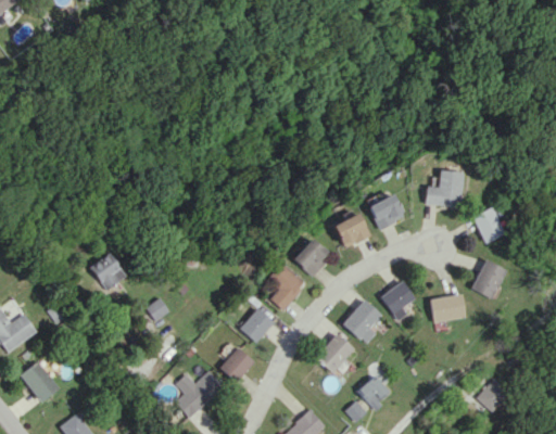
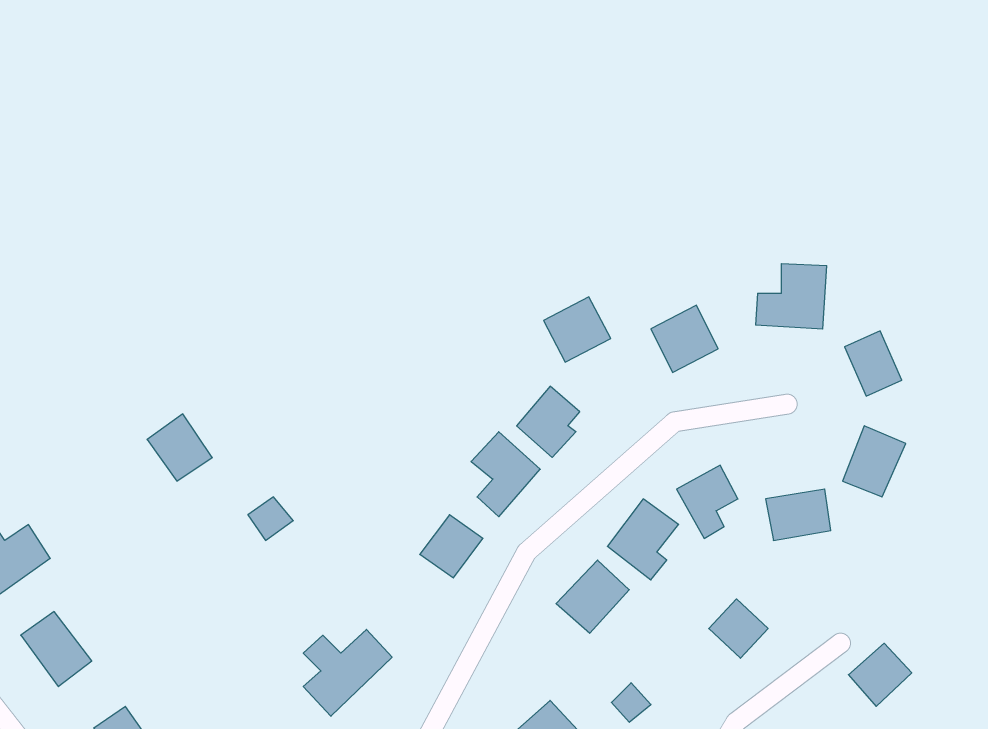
building: [332,213,369,248] -> [544,297,611,362]
building: [219,347,254,383] -> none
building: [357,375,390,408] -> [709,599,768,658]

